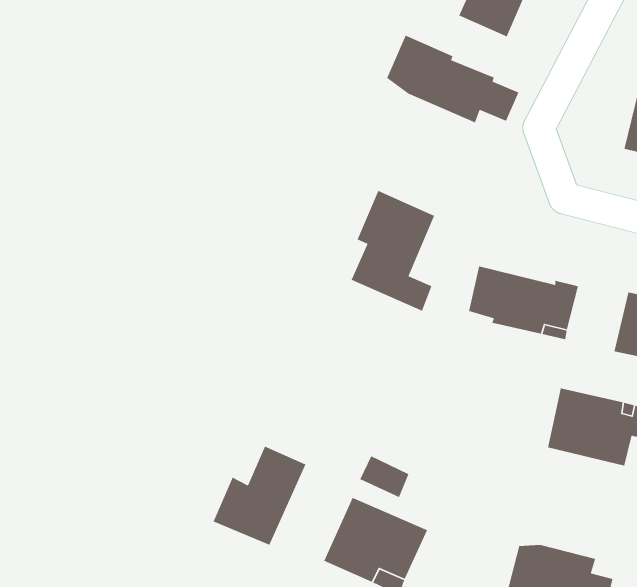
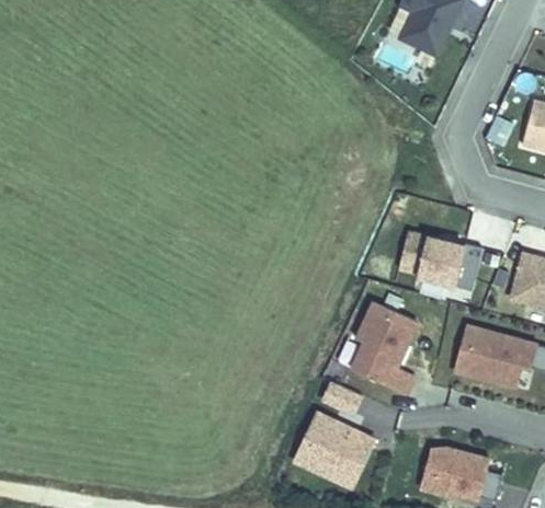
building: [386,34,520,124] -> none
building: [351,190,435,312] -> [350,299,415,392]
building: [212,446,306,546] -> none

